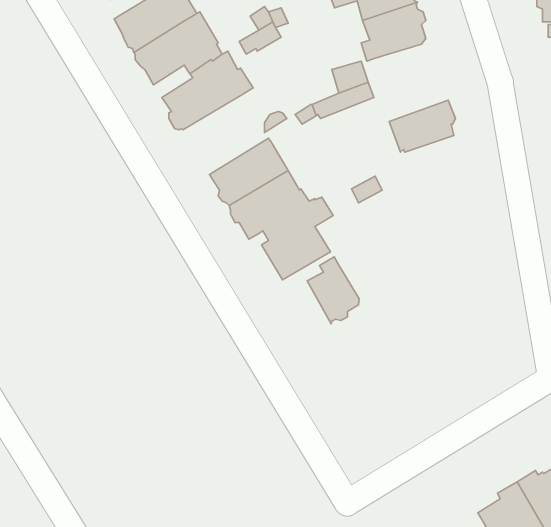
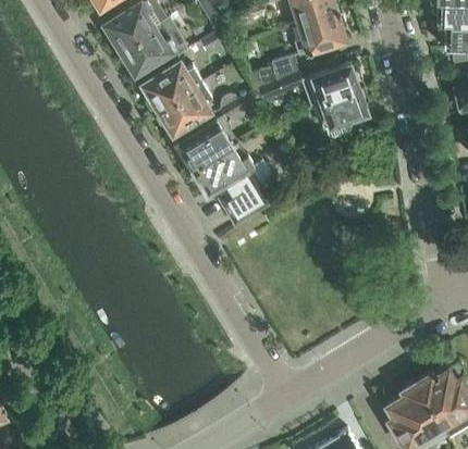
building: none -> [307,64,361,103]
building: none -> [155,83,212,137]
building: [307,257,359,324] -> none

